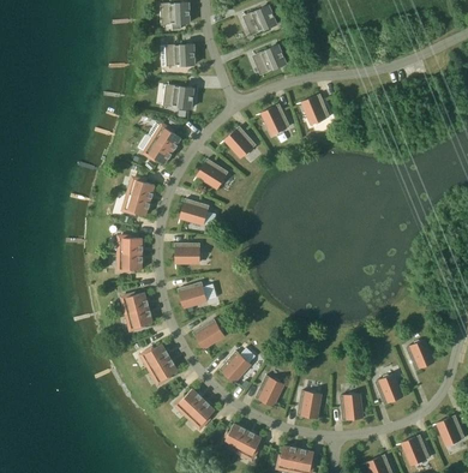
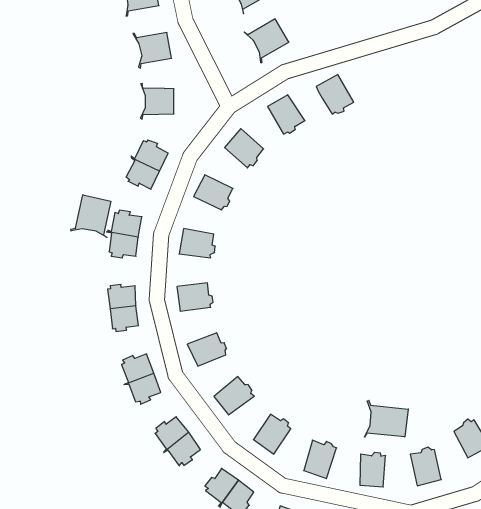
building: none -> [71,195,111,237]
building: none -> [365,400,408,437]

